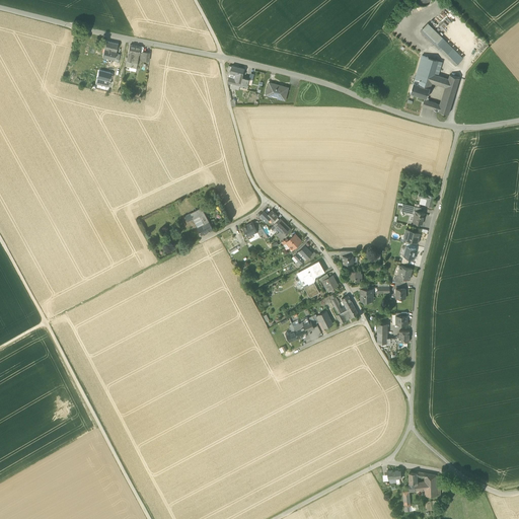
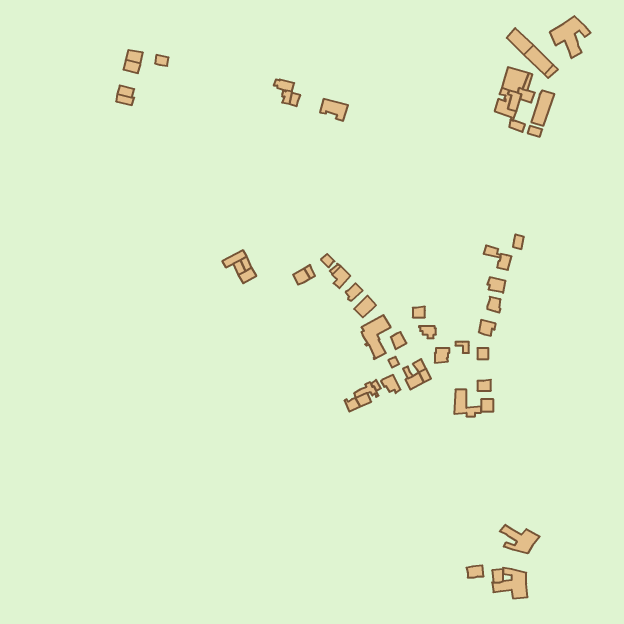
building: none -> [550,16,591,58]
building: none -> [500,525,540,553]

